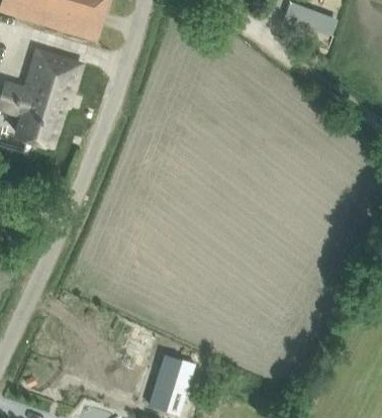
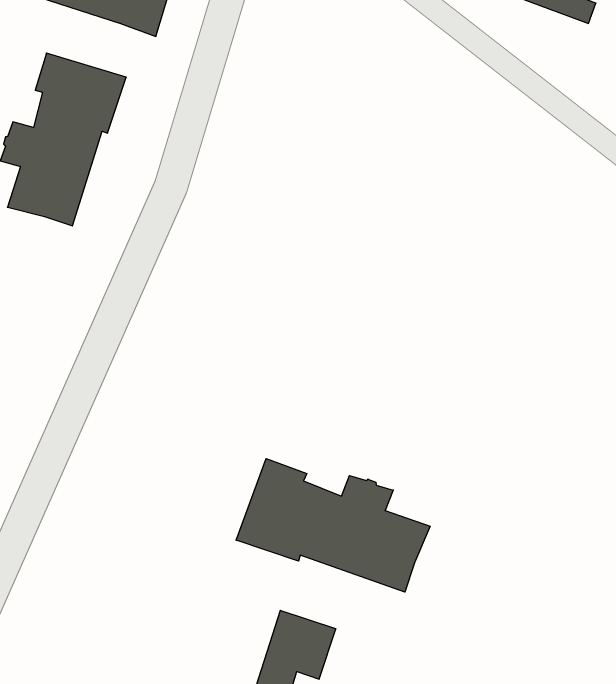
building: none -> [236,459,430,592]

